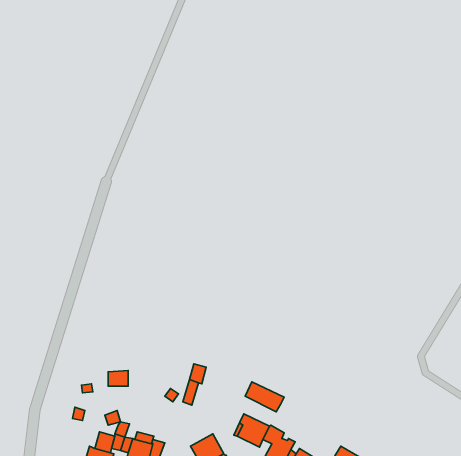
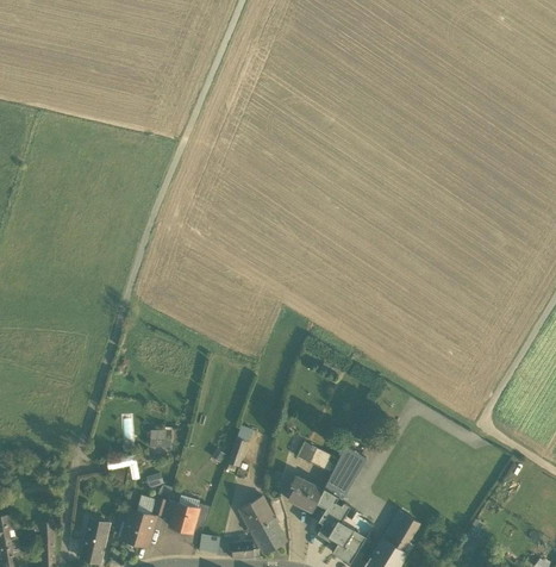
building: none -> [324,447,366,498]

